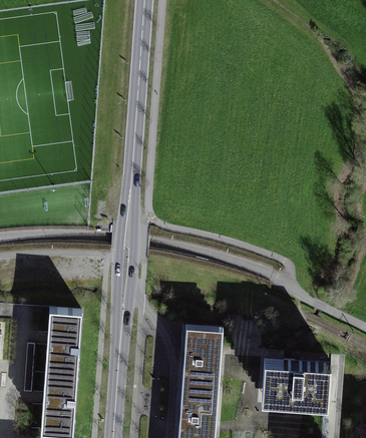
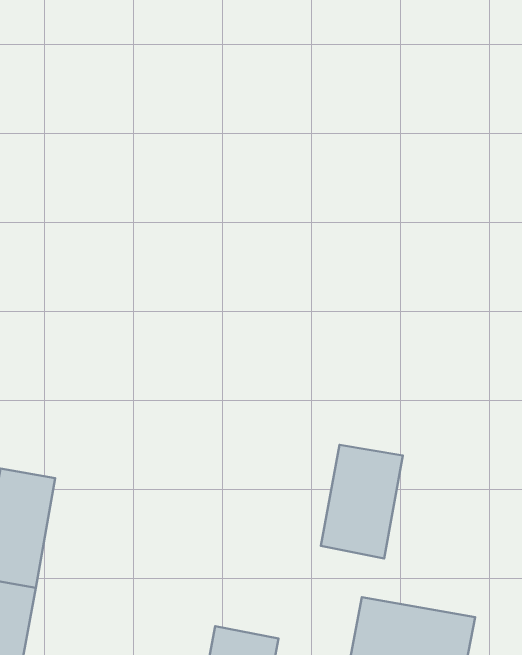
building: [181,329,223,391] -> [321,445,403,558]

